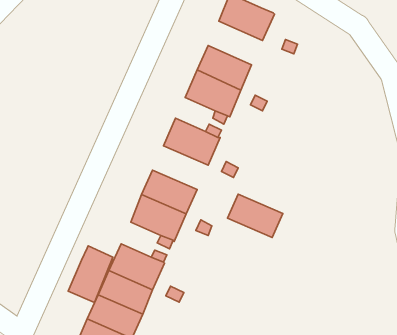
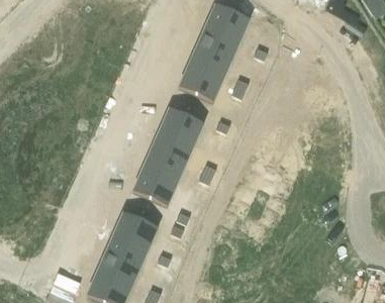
building: none -> [196,22,242,59]
building: [227,194,283,238] -> [150,126,196,163]
building: [68,246,113,303] -> none

